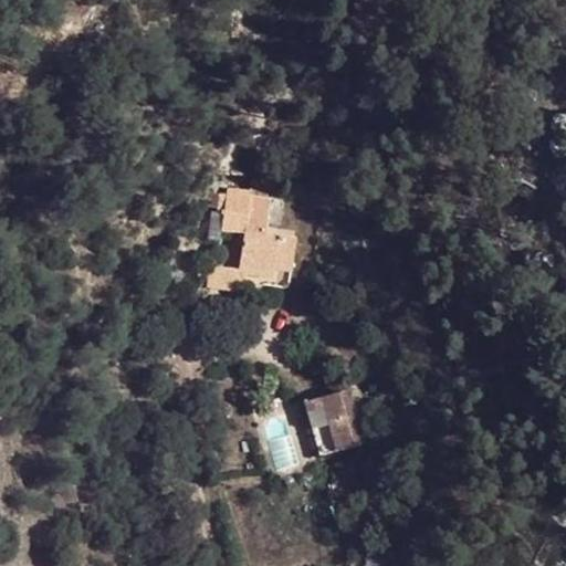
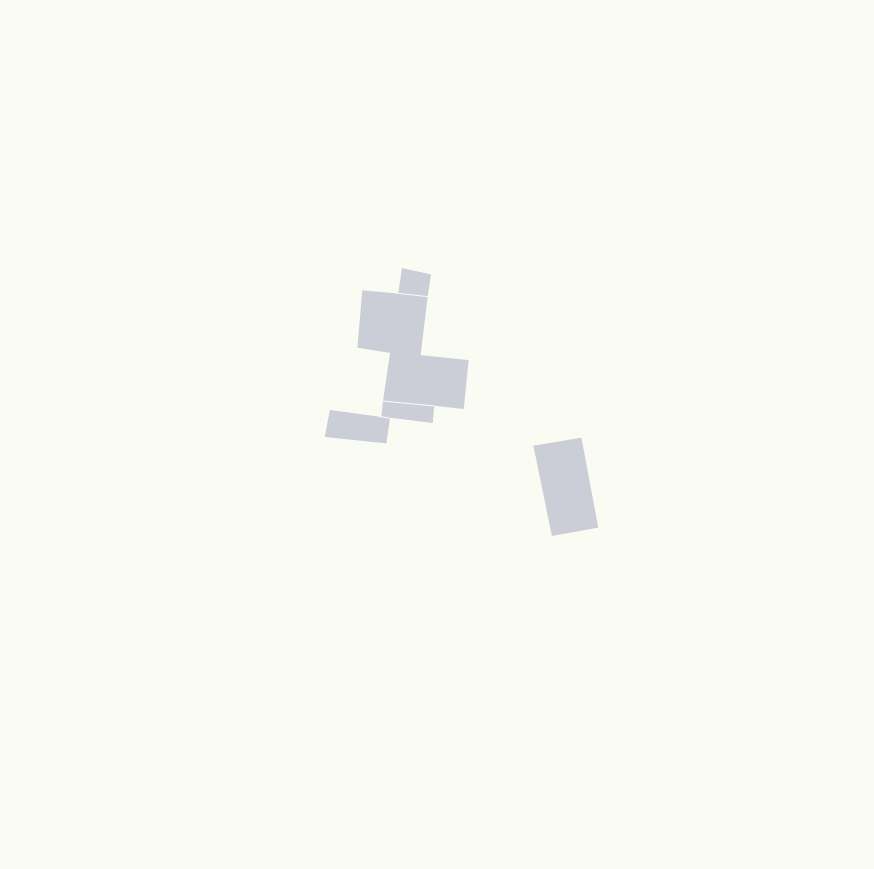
building: [304,394,347,458] -> [532,437,599,537]

